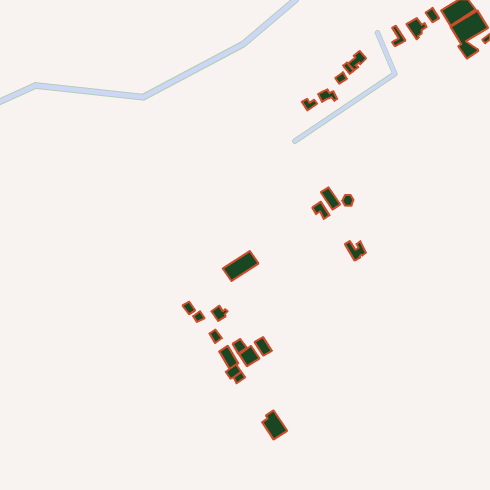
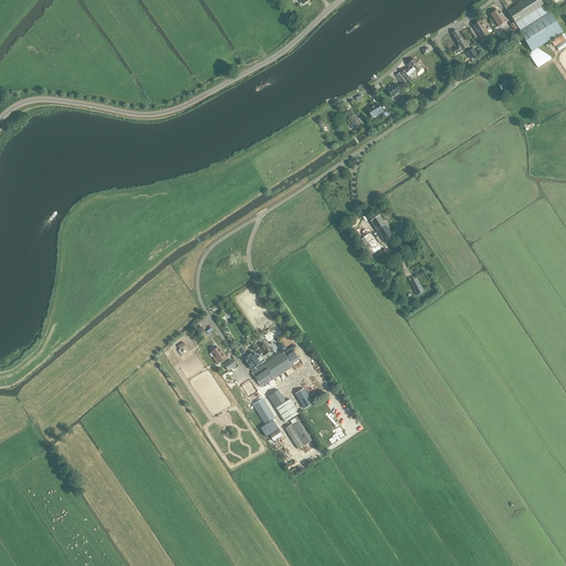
building: [223,251,258,281] -> [251,352,292,386]
building: [262,411,287,439] -> [285,415,314,448]

